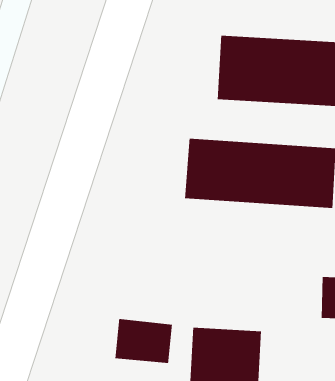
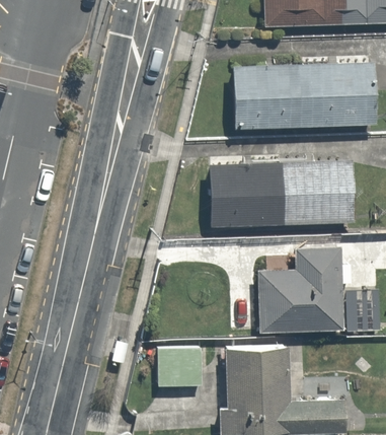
building: none -> [259,247,345,333]

